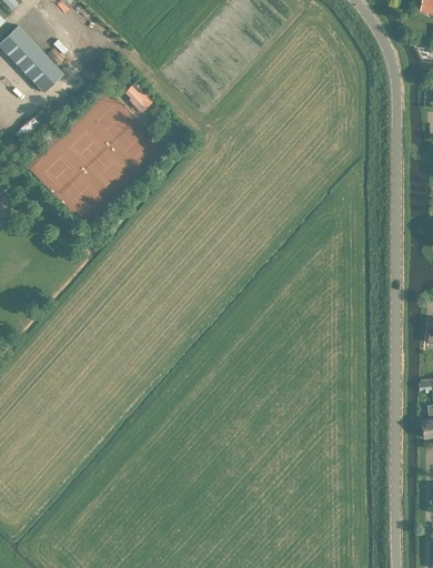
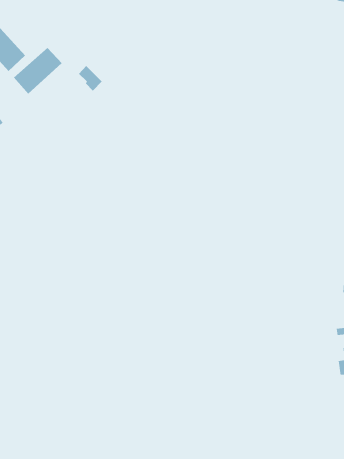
building: none -> [13,47,63,94]

